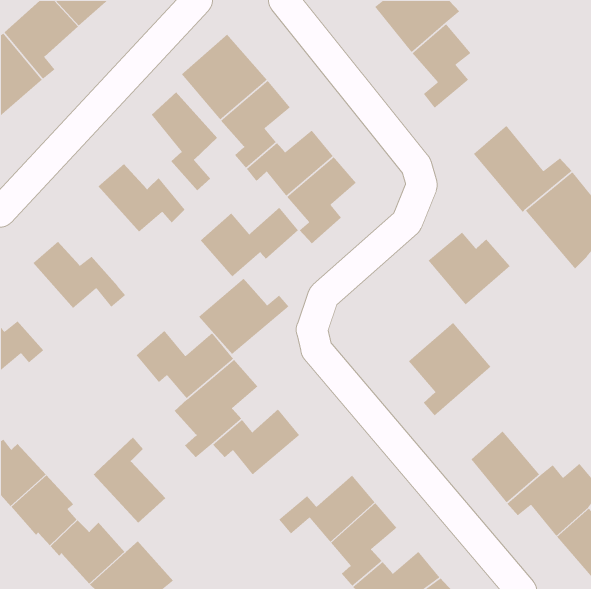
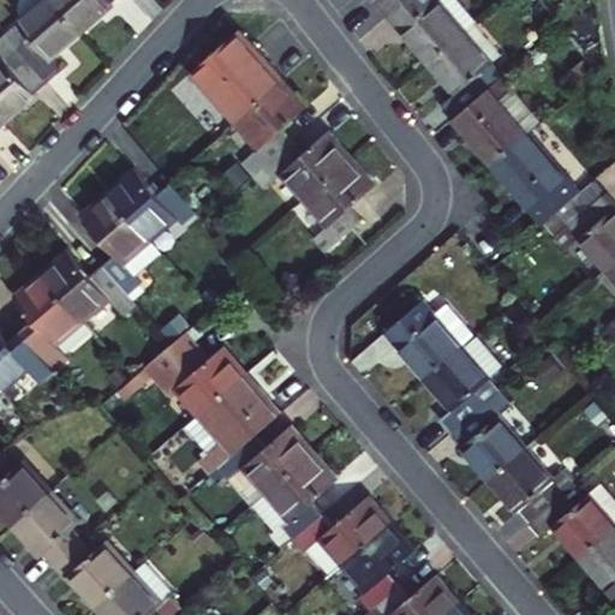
building: none -> [452,74,526,162]
building: [151,92,218,191] -> [76,196,145,299]
building: [200,207,299,278] -> none
building: [427,232,511,306] -> [384,300,471,377]
building: none -> [6,275,77,366]
building: [198,278,290,355] -> none
building: none -> [452,383,524,479]
building: none -> [263,454,335,542]
building: [93,436,166,523] -> none

